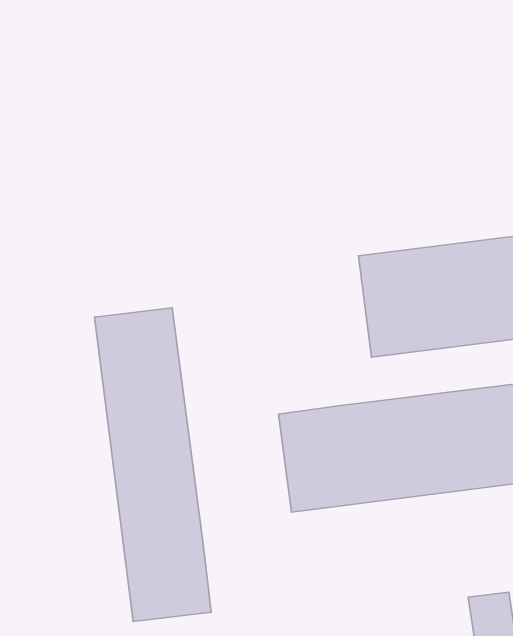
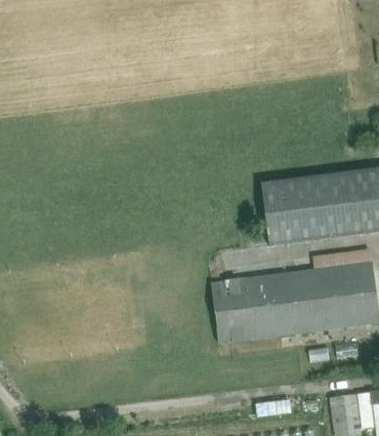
building: [95,308,211,621] -> none

